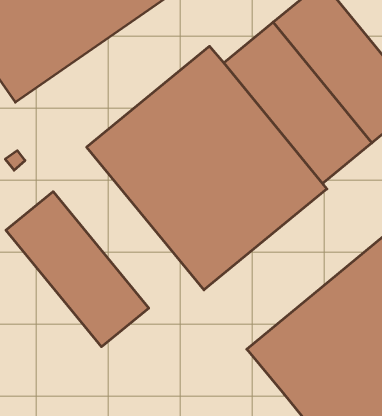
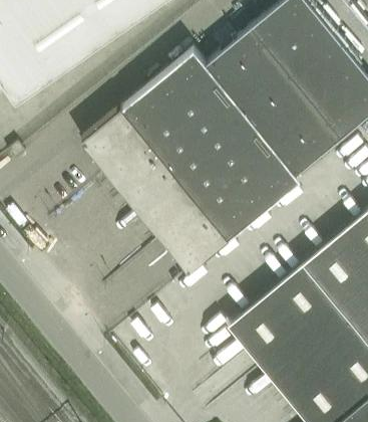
building: [6,192,149,347] -> none

